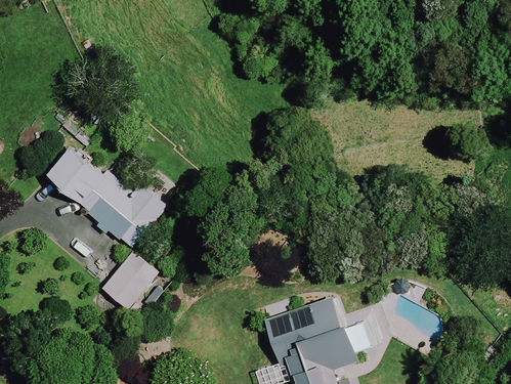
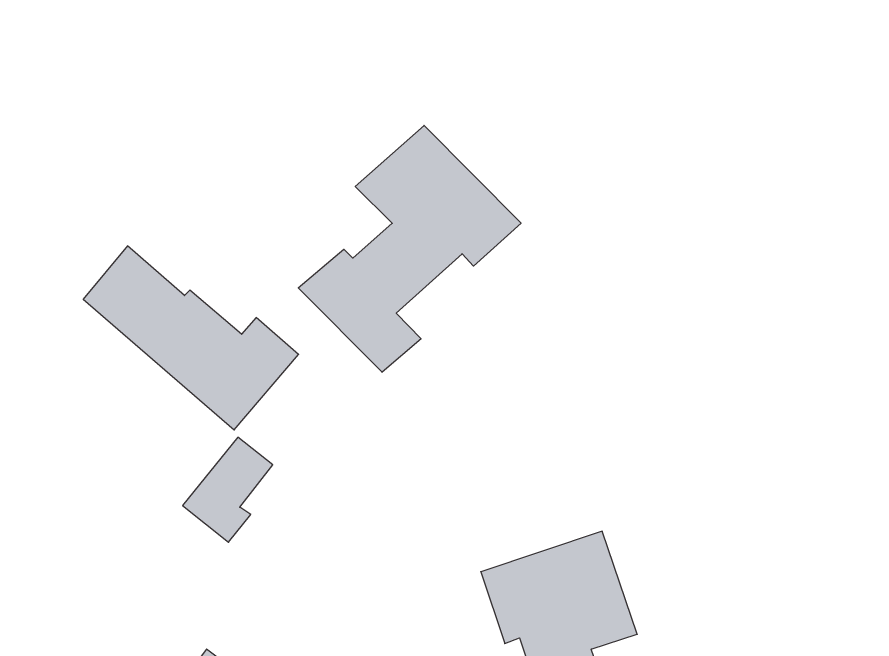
building: none -> [298,125,521,372]

